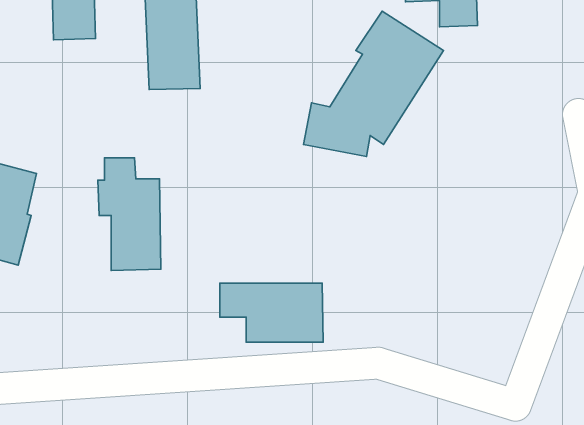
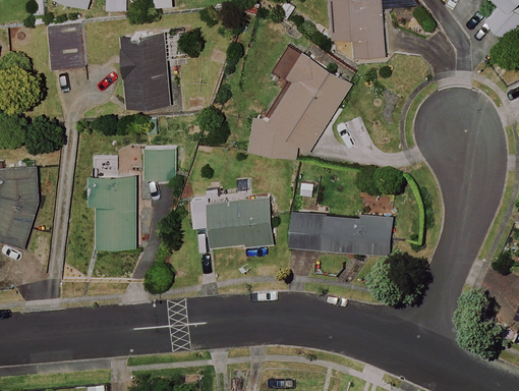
building: none -> [142,151,174,181]
building: none -> [288,213,390,254]
building: [220,283,323,342] -> [190,201,271,246]

